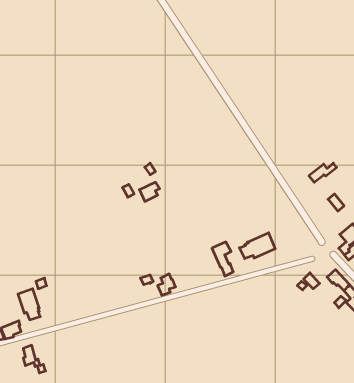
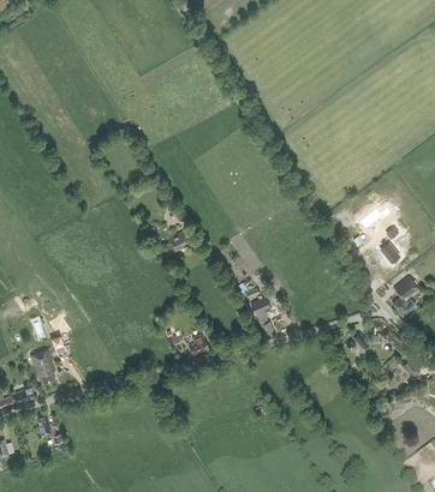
building: [239,233,275,259] -> none

